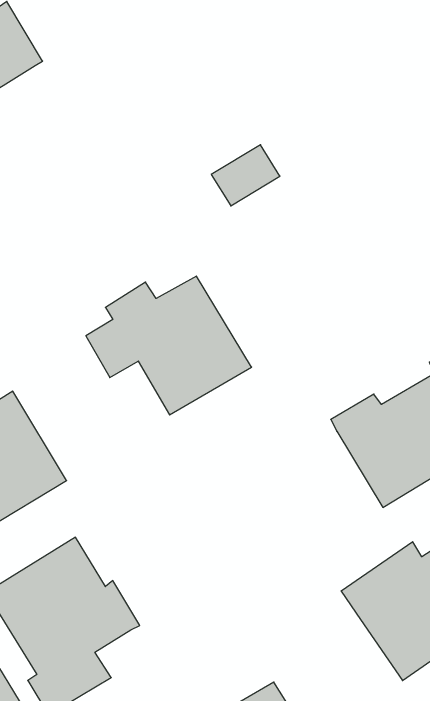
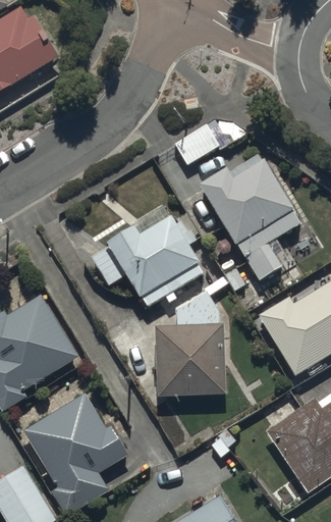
building: none -> [198,154,301,282]
building: none -> [155,290,225,393]

